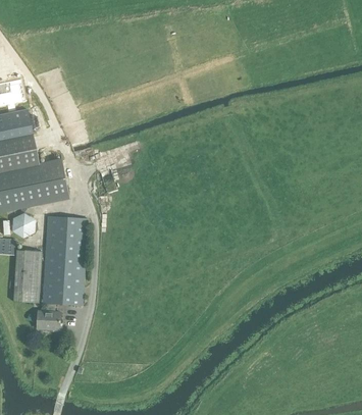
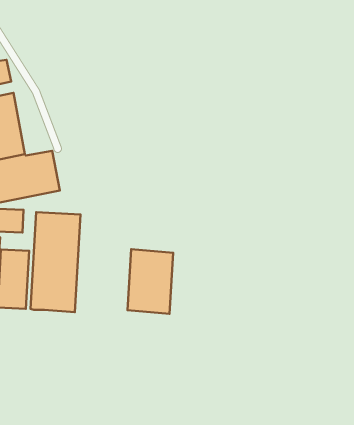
building: none -> [128,249,173,314]
building: [36,304,60,329] -> none

